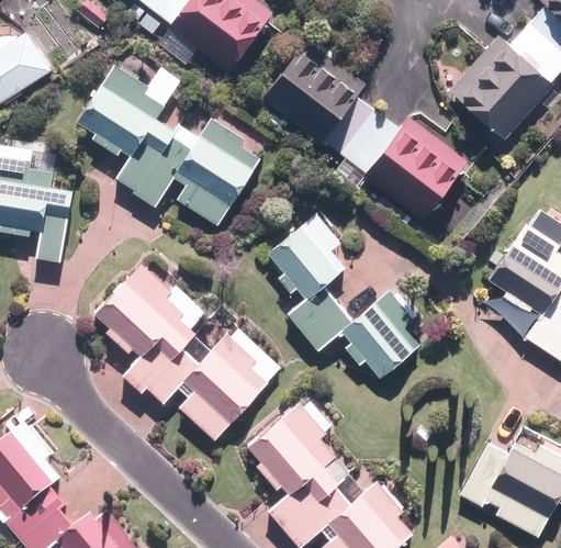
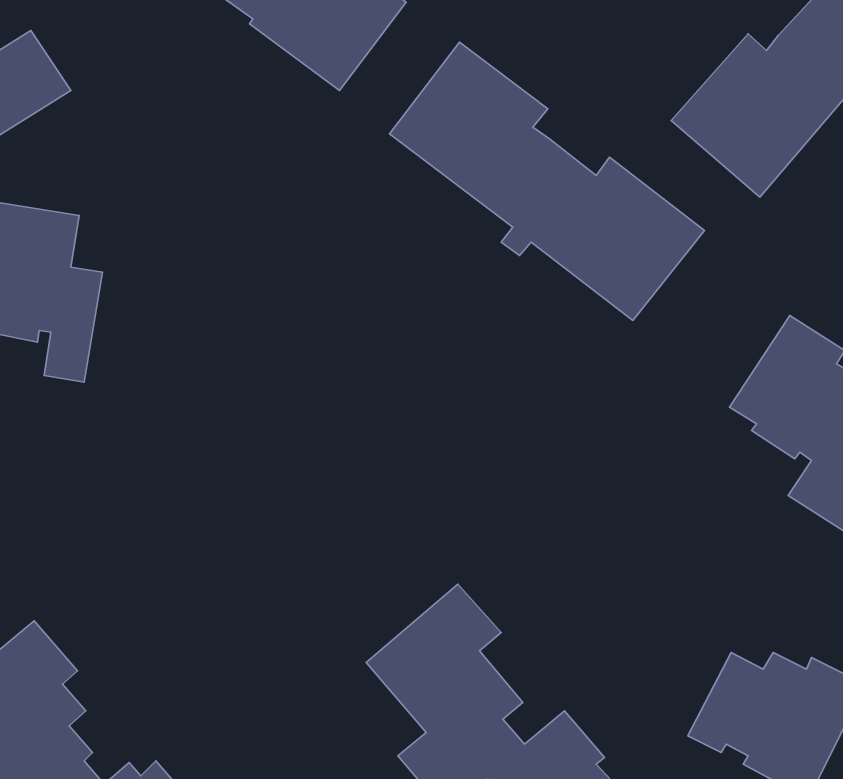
building: [72,64,260,227] -> none
building: [265,211,418,379] -> none
building: [92,262,273,441] -> none

